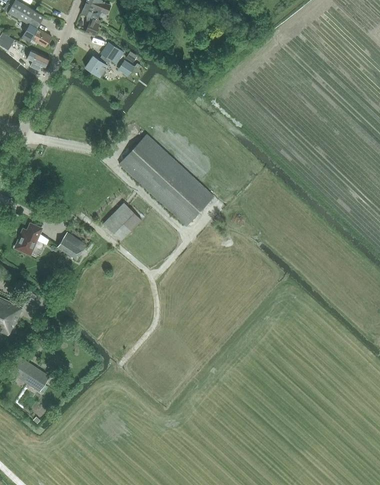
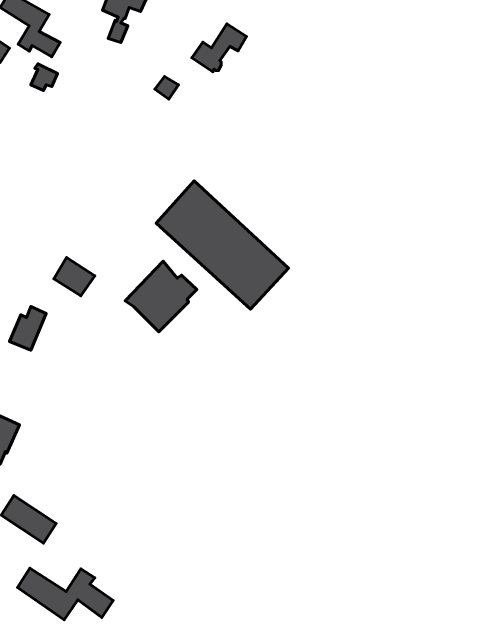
building: [85,43,124,77] -> [192,24,247,72]
building: [57,232,86,259] -> [54,258,95,296]
building: none -> [18,568,113,620]

